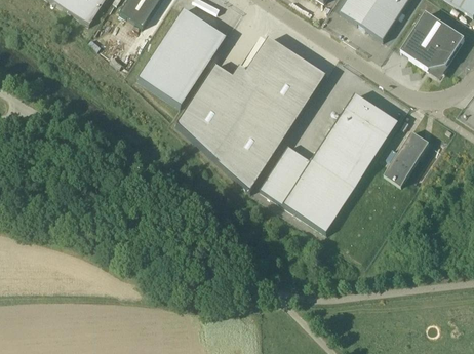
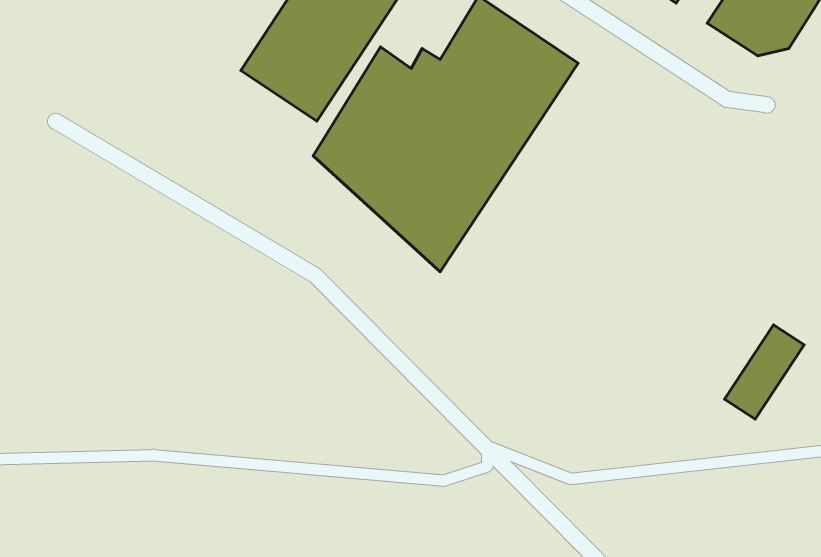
building: [260,93,399,232] -> none
building: [384,130,429,184] -> [724,325,804,419]

